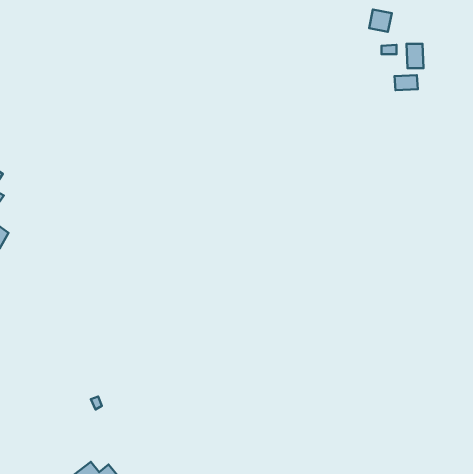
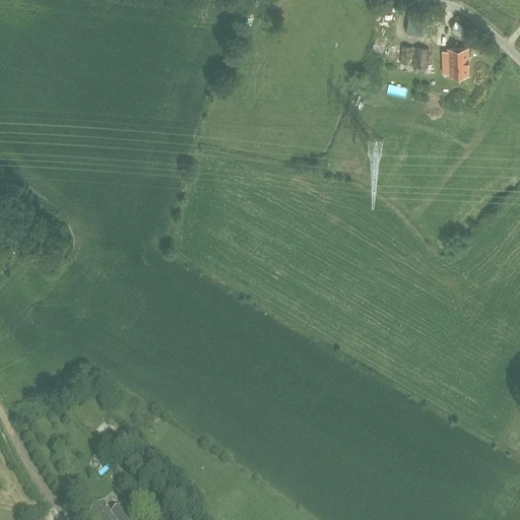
building: [395,75,418,90] -> none

